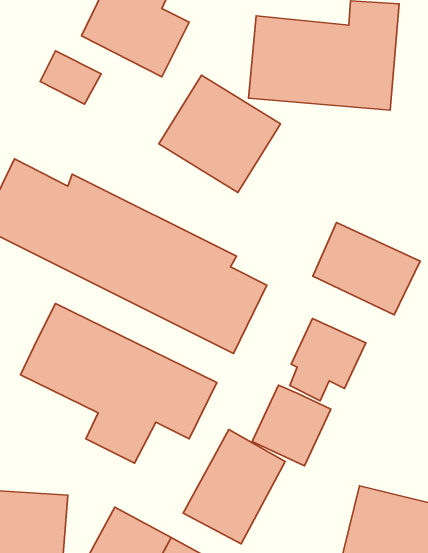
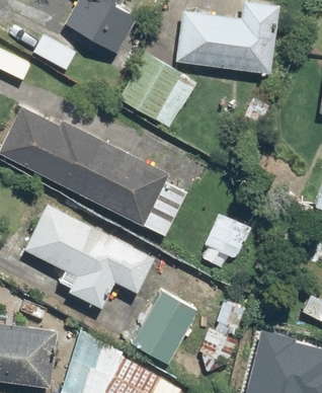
building: [313,222,420,315] -> none
building: [252,385,331,466] -> none

